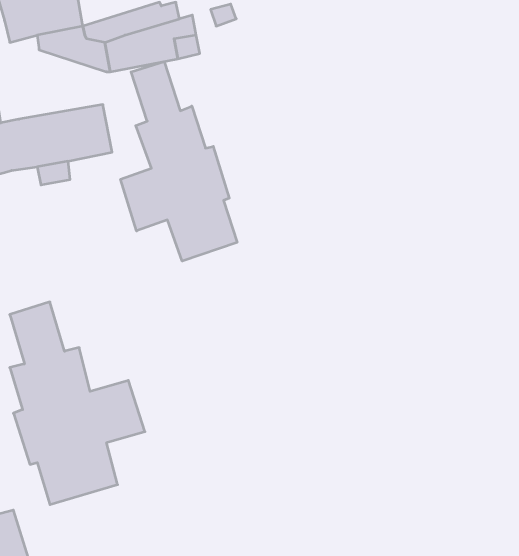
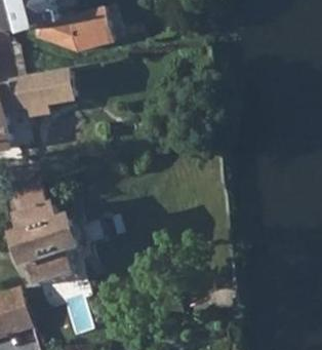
building: [121,62,237,261] -> none

